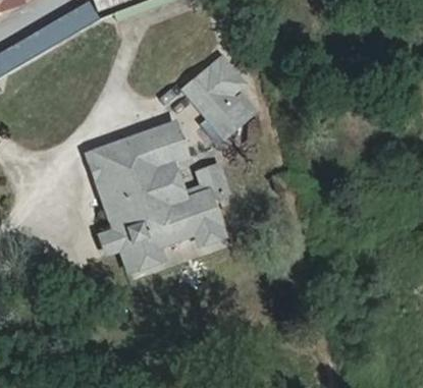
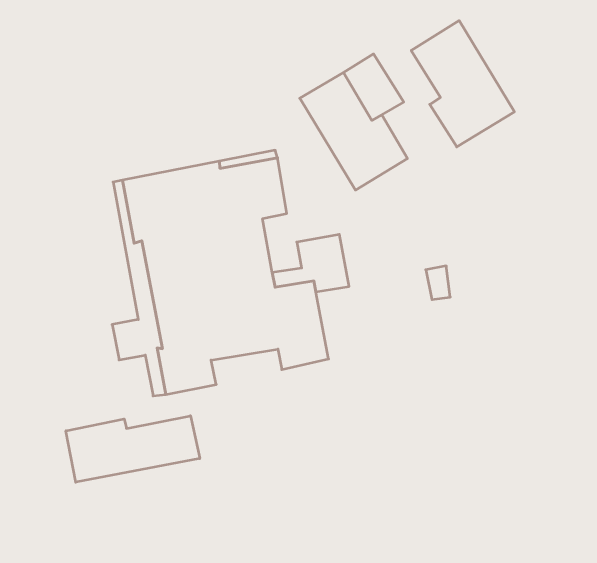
building: none -> [411,21,514,147]
building: none -> [66,416,200,482]

